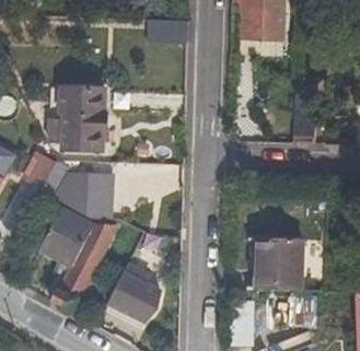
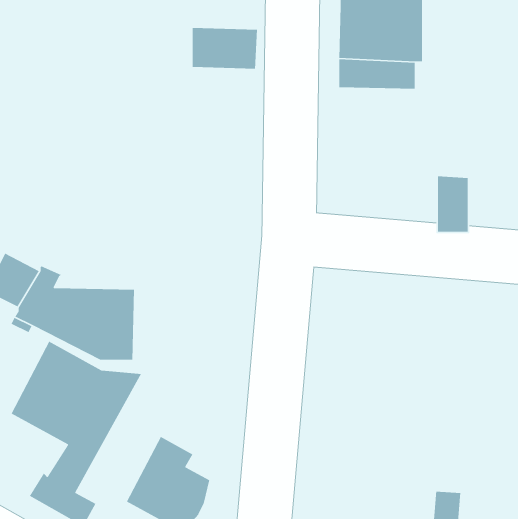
building: [49,86,106,150] -> none
building: [257,238,303,290] -> none

